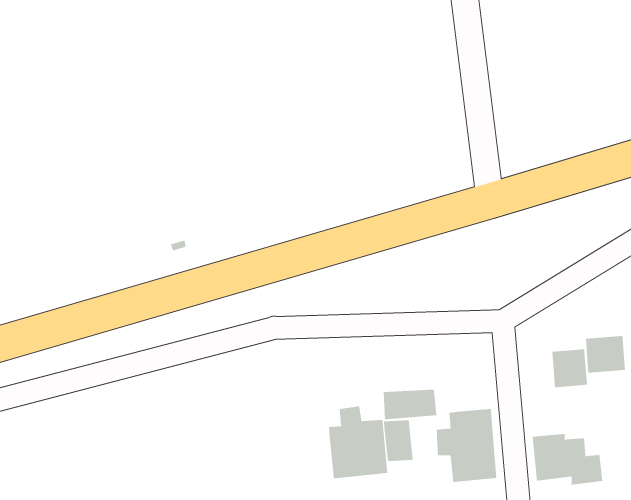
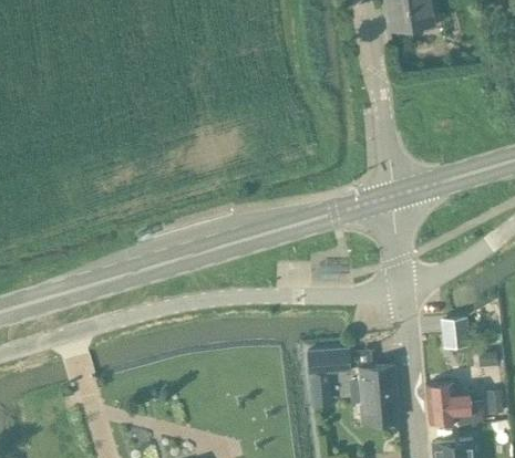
building: [585,335,625,373] -> none
building: [329,406,388,479] -> none

